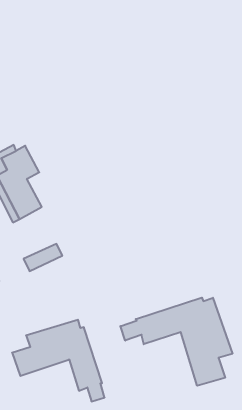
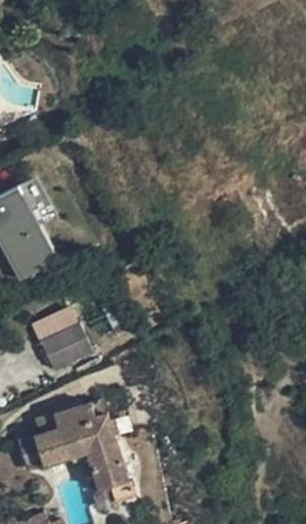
building: none -> [39,321,94,372]
building: [120,298,232,386] -> none

